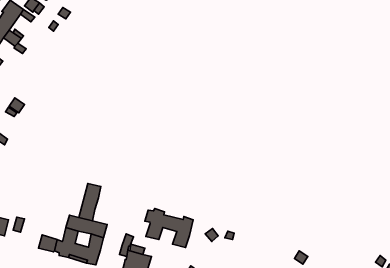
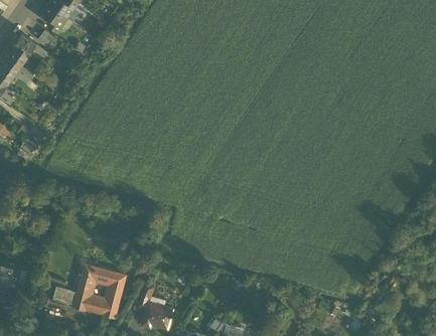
building: [79,184,101,221] -> none
building: [145,208,193,247] -> none

